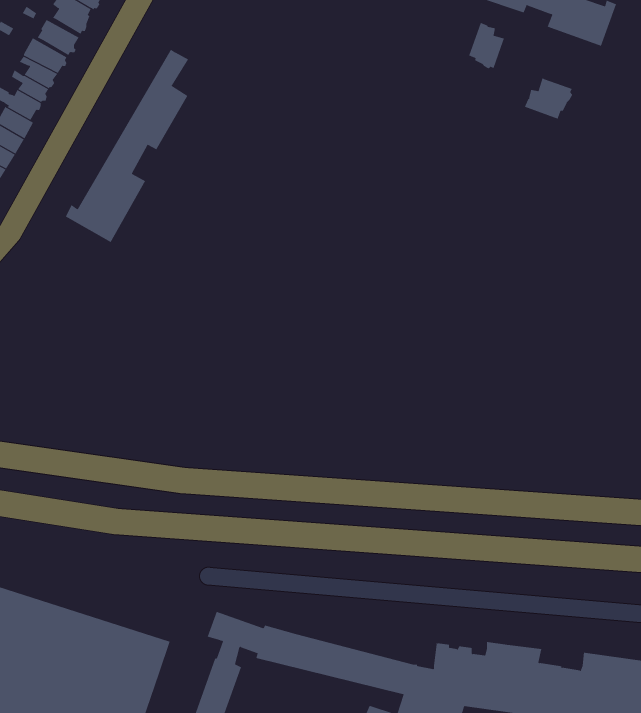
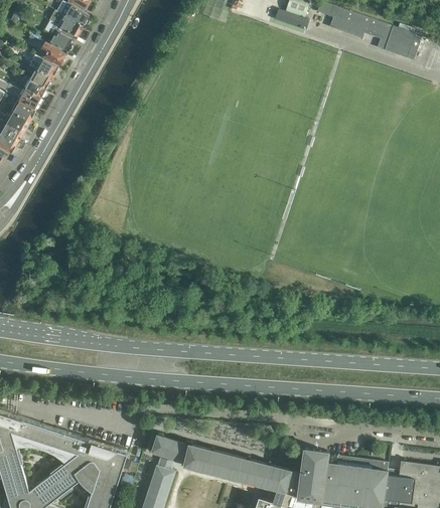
building: [468,22,505,69] -> none
building: [65,49,189,243] -> none
building: [524,78,573,119] -> none

